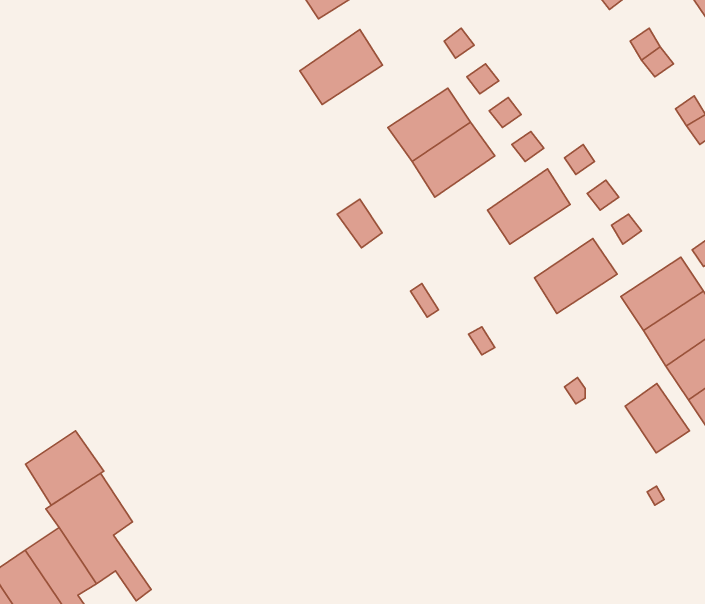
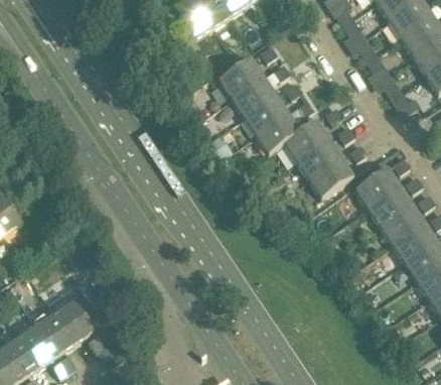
building: [300,29,382,105] -> [218,56,263,97]
building: none -> [256,112,300,152]
building: none -> [296,138,340,177]
building: [625,384,690,453] -> none
building: [25,431,104,505] -> none

